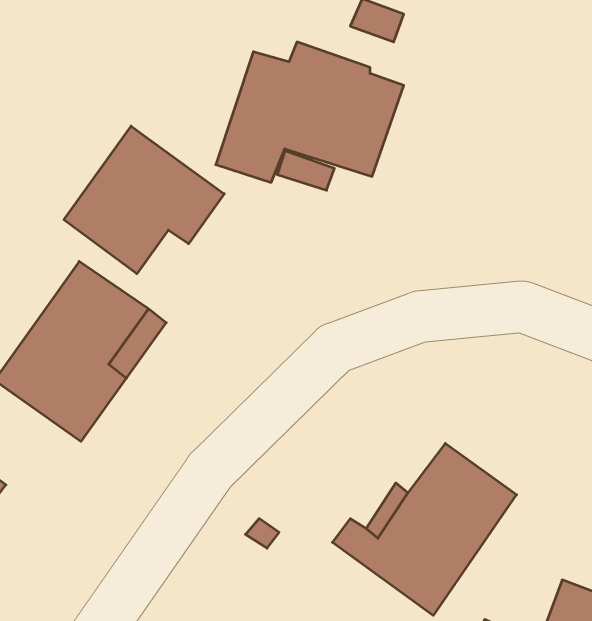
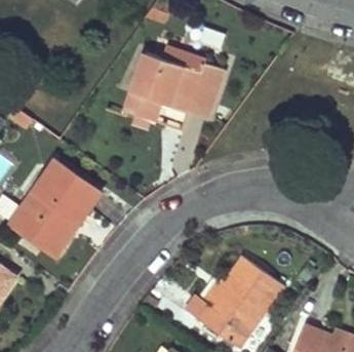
building: [64,126,224,274] -> none

